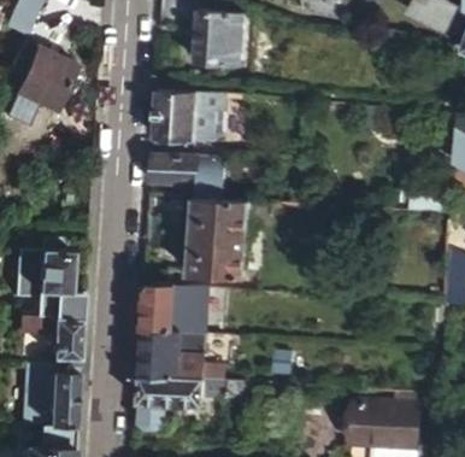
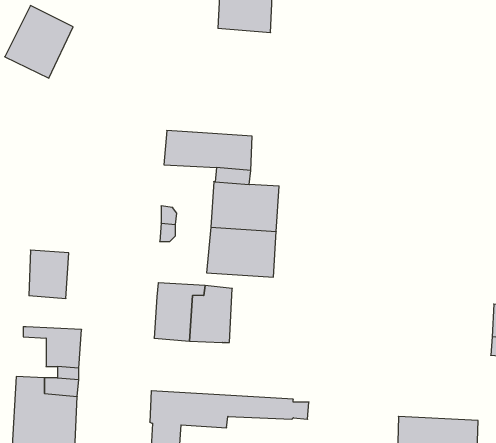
building: [153,93,228,157] -> none
building: [34,295,81,324] -> none
building: [140,332,222,381] -> none

